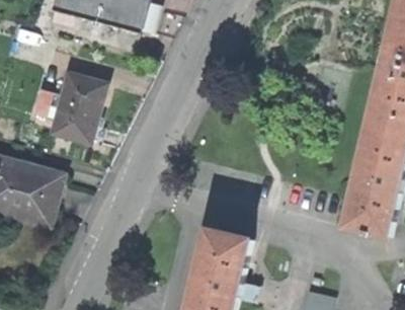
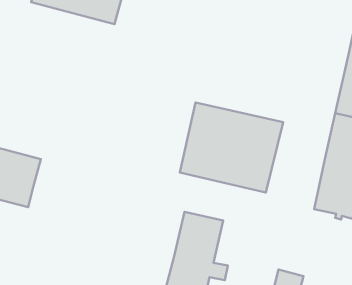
building: [46,70,101,141] -> none
building: none -> [180,102,283,192]

